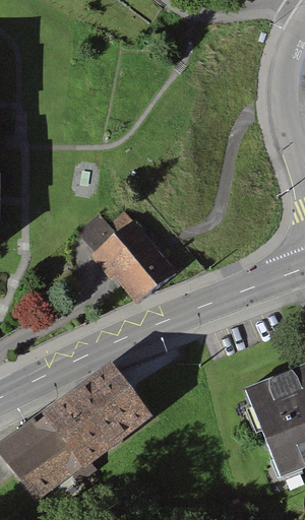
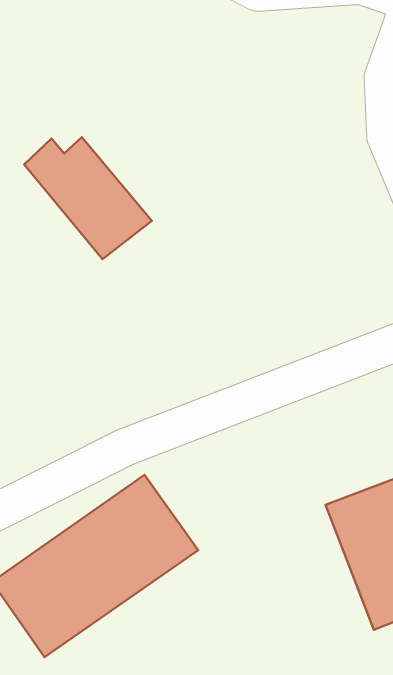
building: [81,207,176,298] -> [24,137,152,259]

